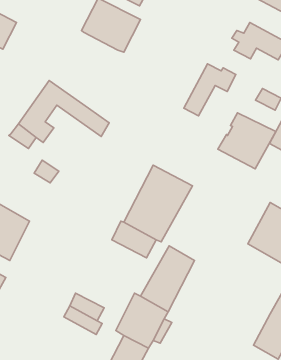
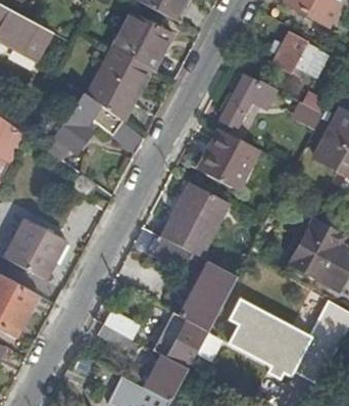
building: none -> [83,43,154,122]
building: [218,113,276,169] -> [199,129,259,187]
building: none -> [231,299,312,375]

